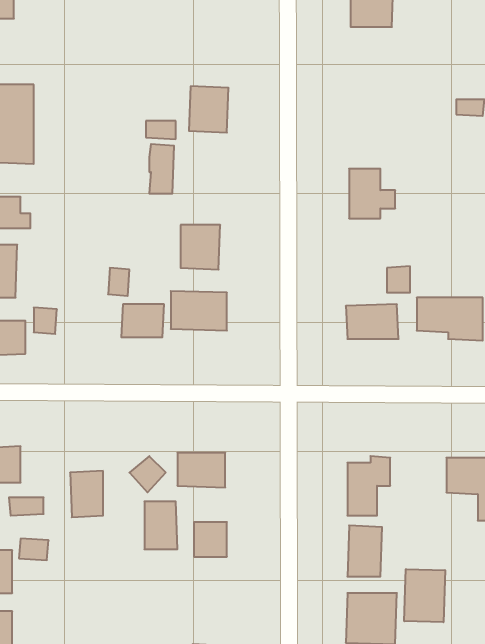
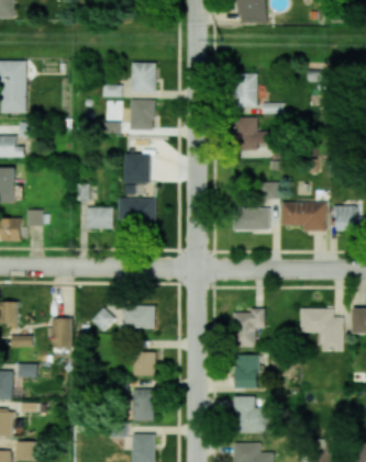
building: none -> [236,74,256,109]
building: none -> [129,100,154,131]
building: [144,501,177,549] -> [132,390,154,421]
building: [404,569,445,622] -> none

